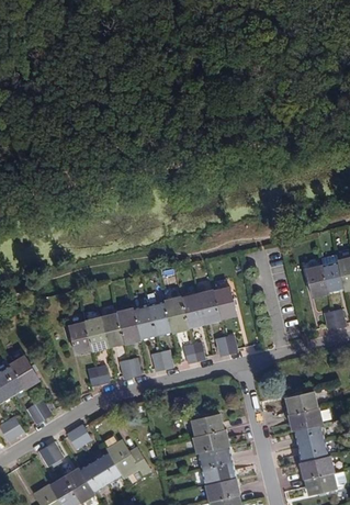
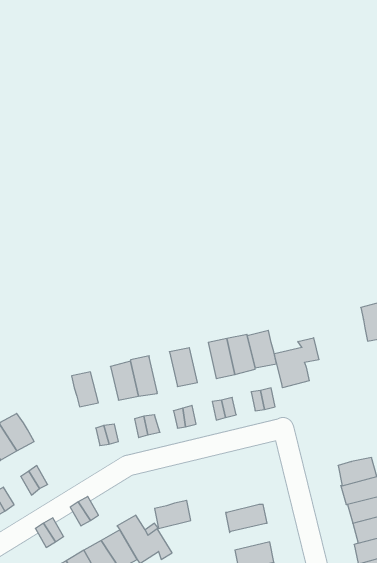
building: none -> [274,338,319,388]
building: [163,298,187,332] -> none
building: [132,305,155,338] -> none
building: [83,317,106,348] -> none
building: [192,414,222,437] -> [155,500,191,528]
building: [199,446,230,468] -> none

